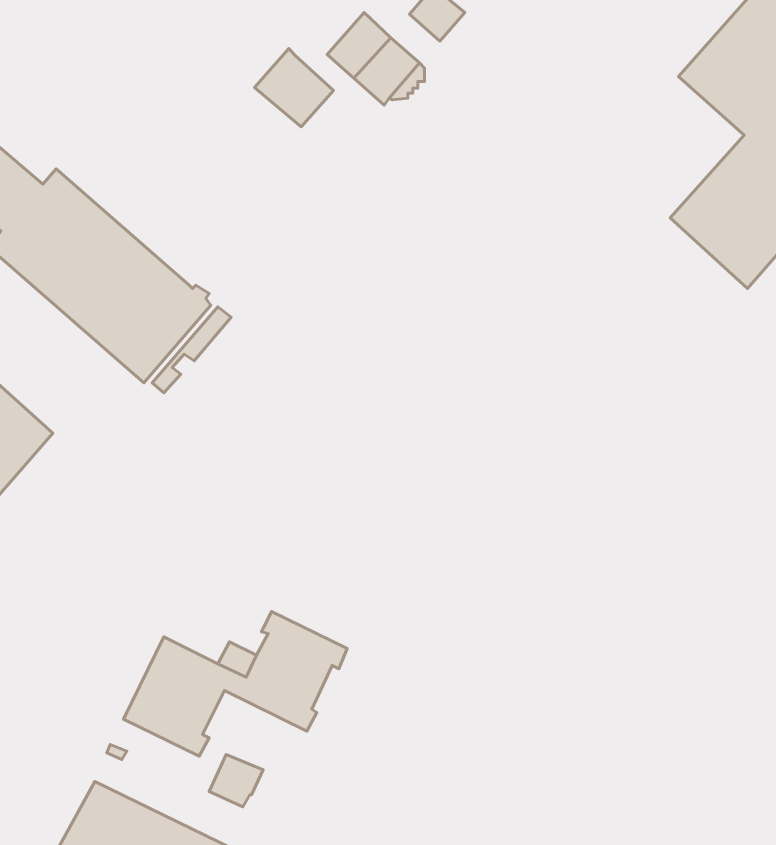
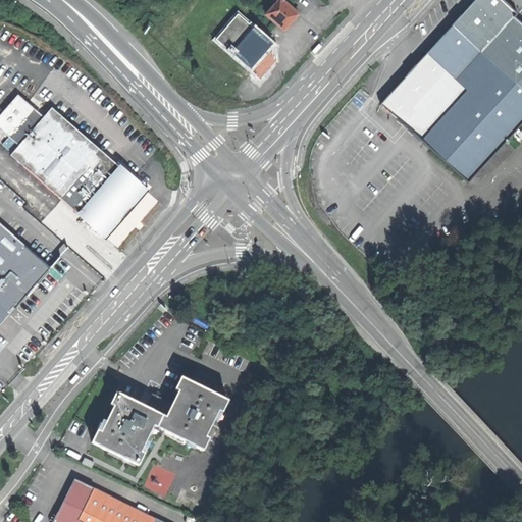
building: [255,49,333,127] -> none
building: none -> [383,52,469,138]

